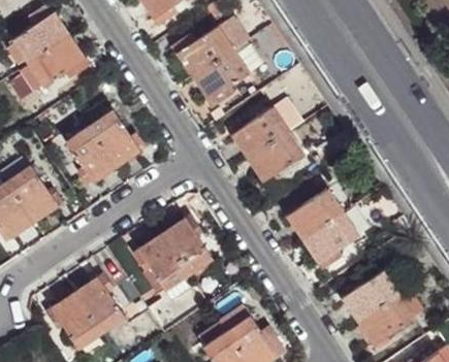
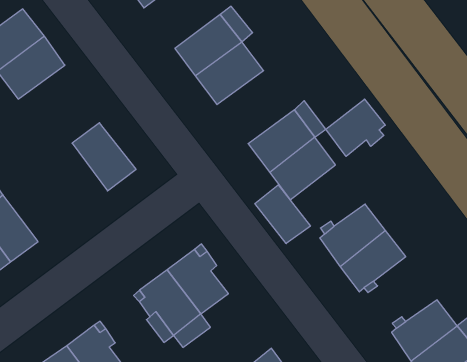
building: none -> [326,99,385,156]
building: [65,126,115,182] -> none
building: none -> [255,185,310,244]

